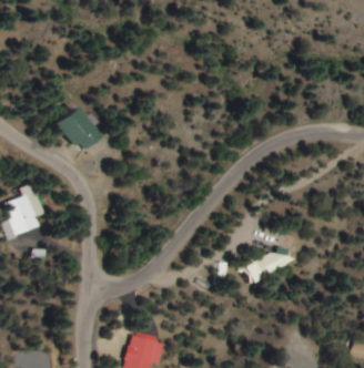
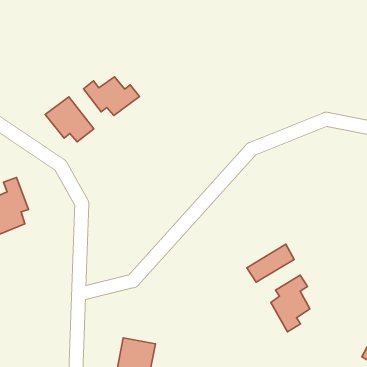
building: none -> [83,77,140,115]
building: none -> [271,275,310,332]

